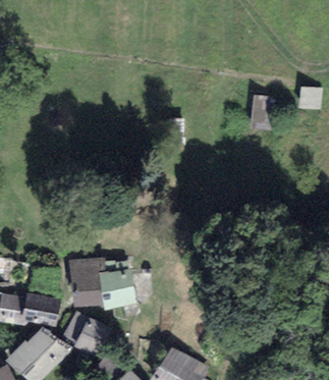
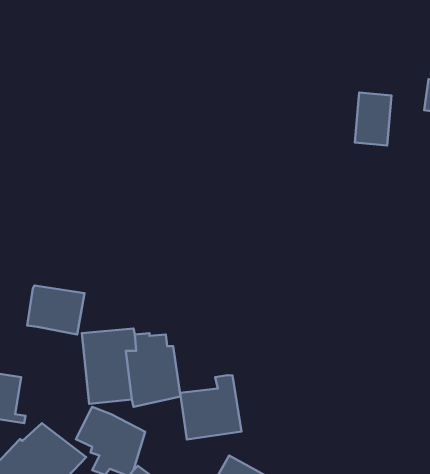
building: [22,290,62,324] -> [27,286,85,334]
building: none -> [180,375,241,440]

